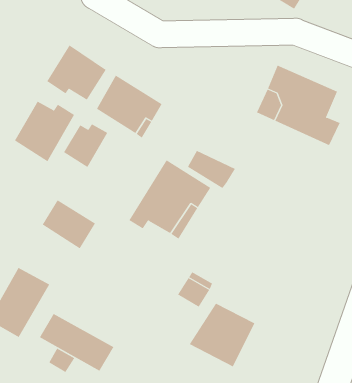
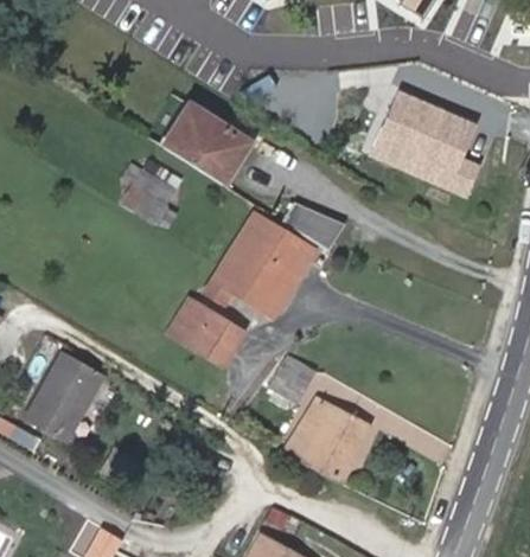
building: [46,45,106,101] -> none
building: [14,101,75,162] -> none
building: [42,200,96,249] -> [171,300,241,364]
building: [39,313,114,372] -> none

